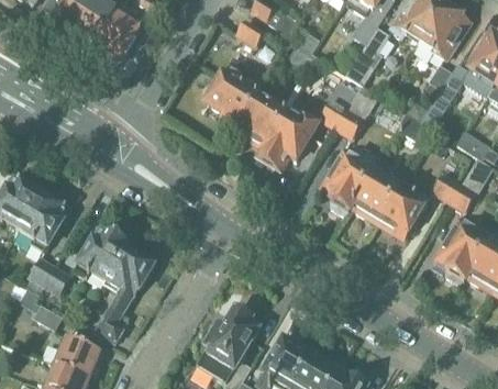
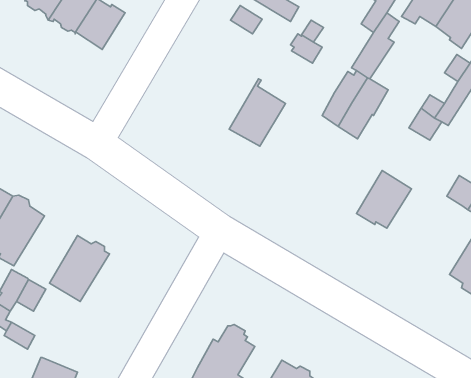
building: [203,58,262,132] -> none
building: [261,109,317,165] -> none
building: [324,152,373,214] -> none
building: [377,186,430,237] -> none
building: [95,244,153,342] -> none

